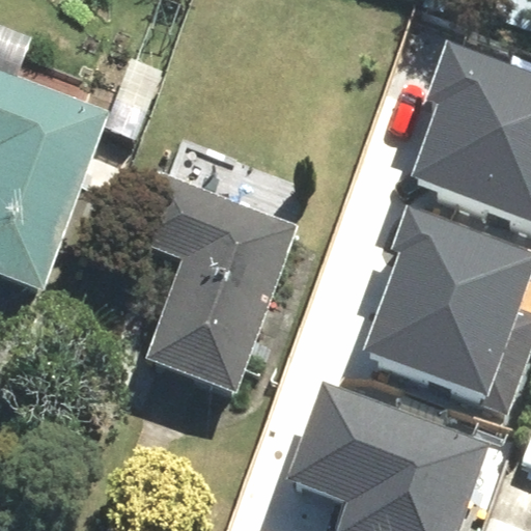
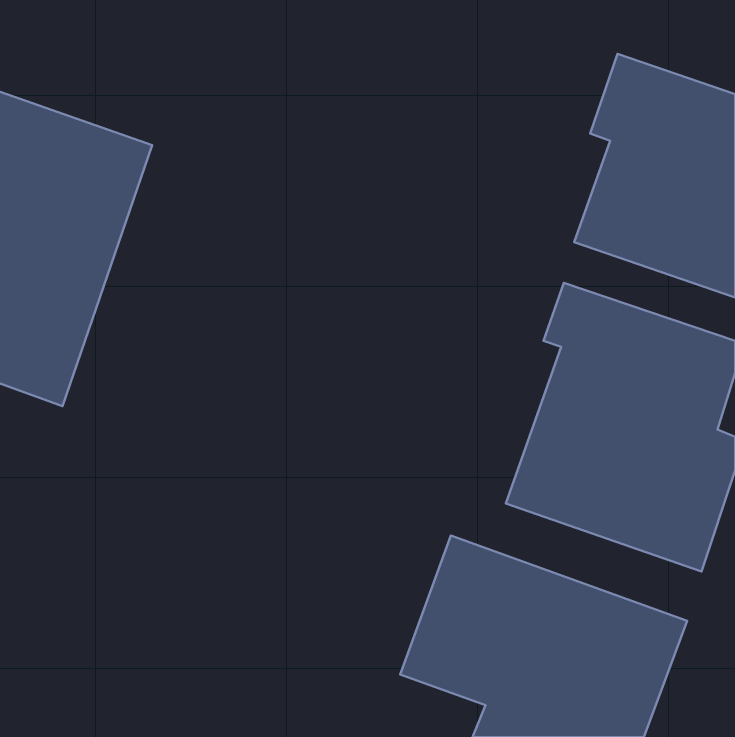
building: [136,180,300,402] -> none

